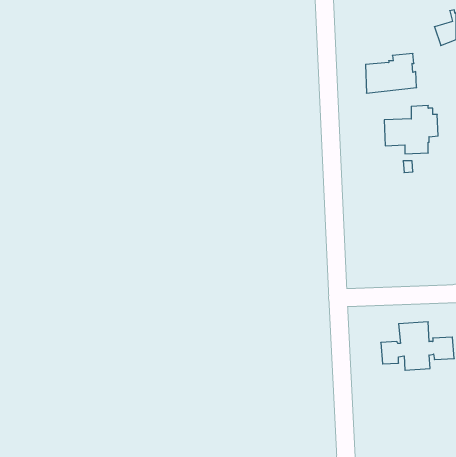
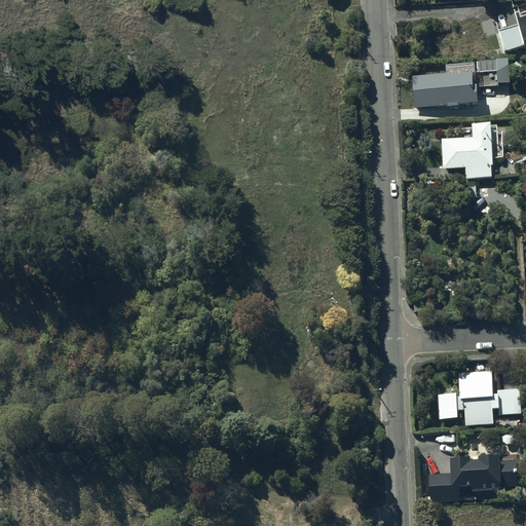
building: none -> [476,59,497,86]
building: none -> [428,453,518,502]

